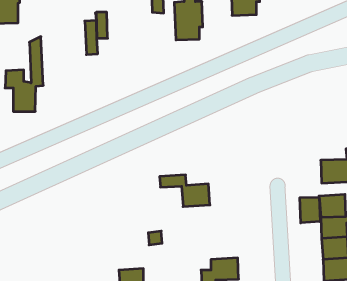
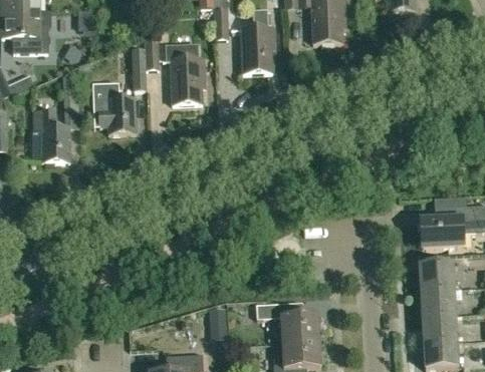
building: none -> [166,44,205,103]
building: none -> [97,92,137,131]
building: [160,175,210,207] -> [257,304,319,343]
building: [300,197,320,223] -> none

